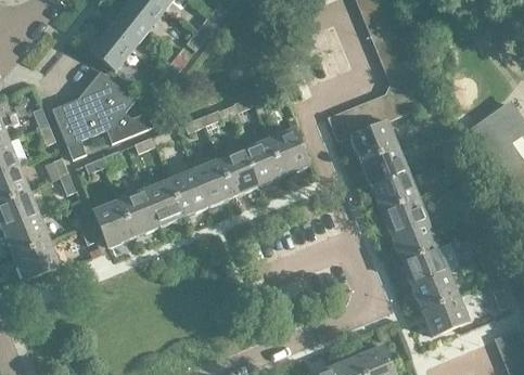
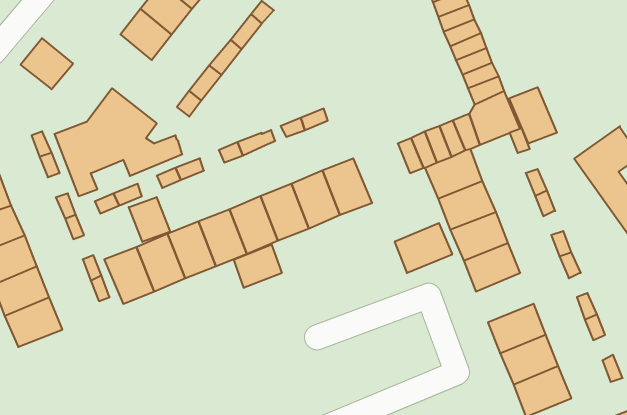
building: [88,29,130,70] -> [21,38,73,89]
building: none -> [509,87,557,144]
building: none -> [129,197,170,242]
building: none -> [234,244,282,288]
building: [392,221,438,261] -> [395,223,452,273]

